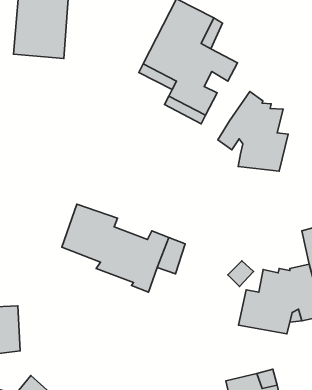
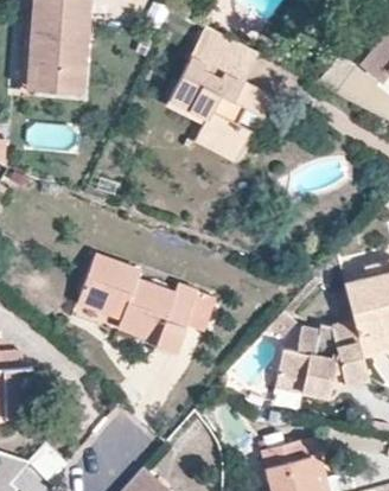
building: [218,91,288,171] -> none

